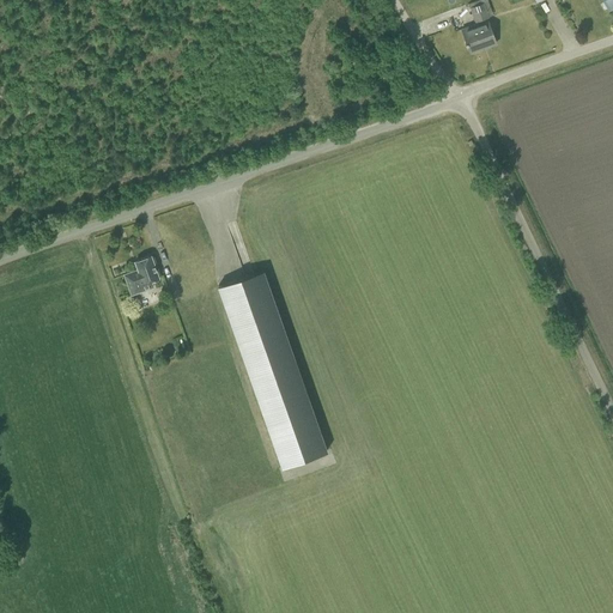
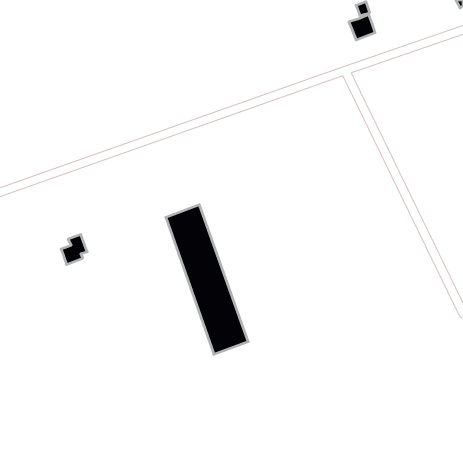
building: [125,256,159,296] -> [61,235,87,264]

